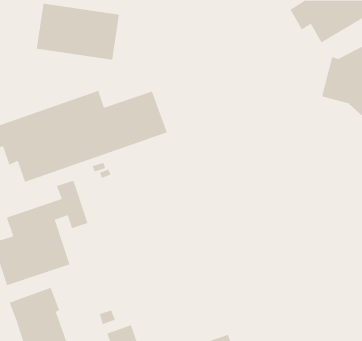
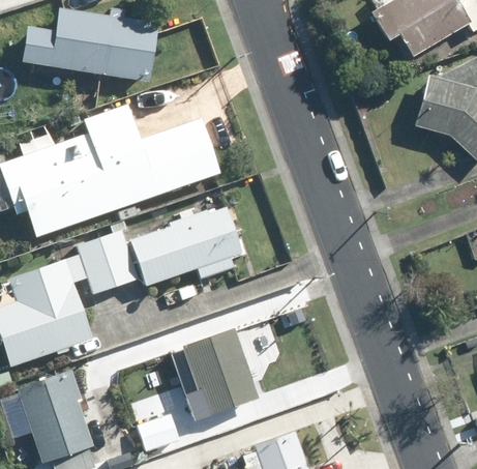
building: none -> [101,208,245,288]
building: none -> [174,329,261,421]

